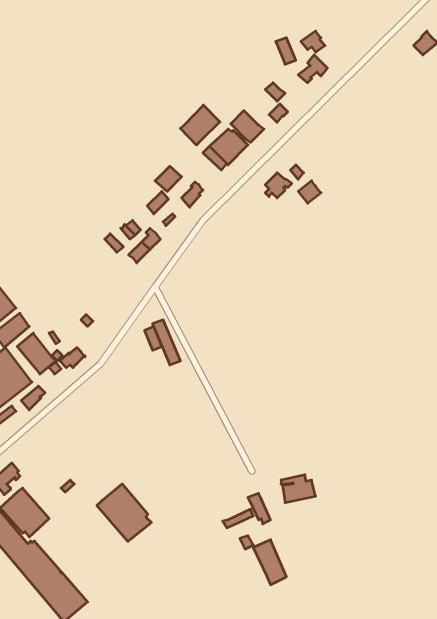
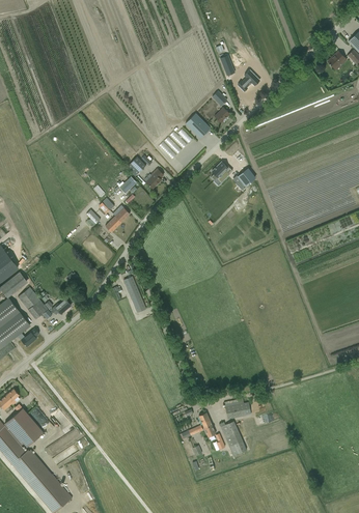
building: [180,105,220,145] -> none
building: [97,484,151,541] -> none
building: [253,540,286,585] -> [220,421,246,456]

